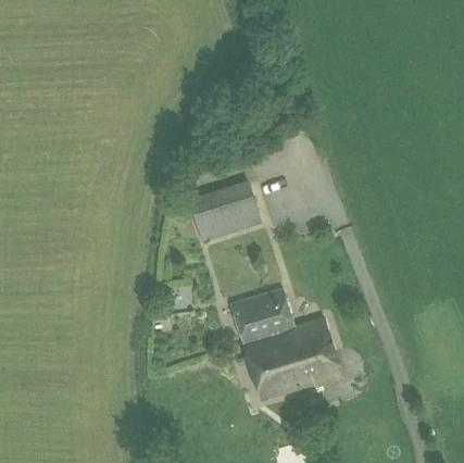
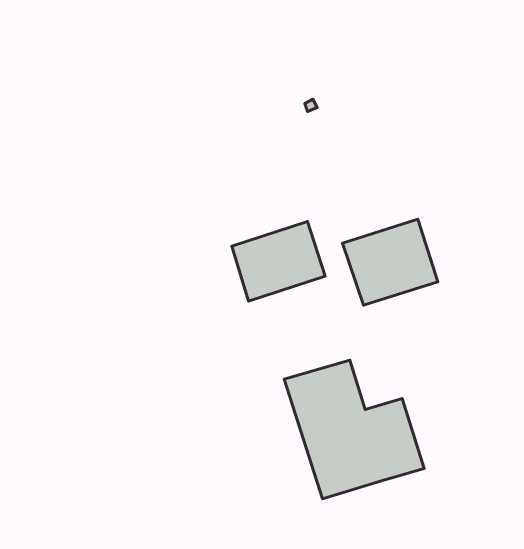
building: none -> [342,219,438,305]

